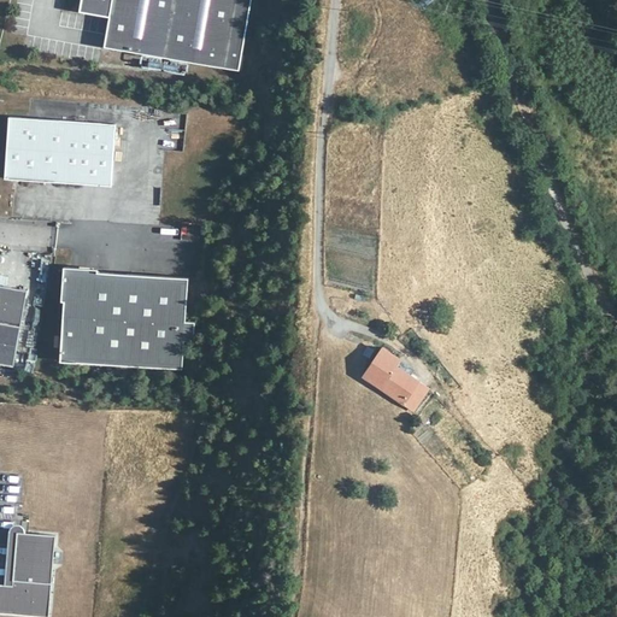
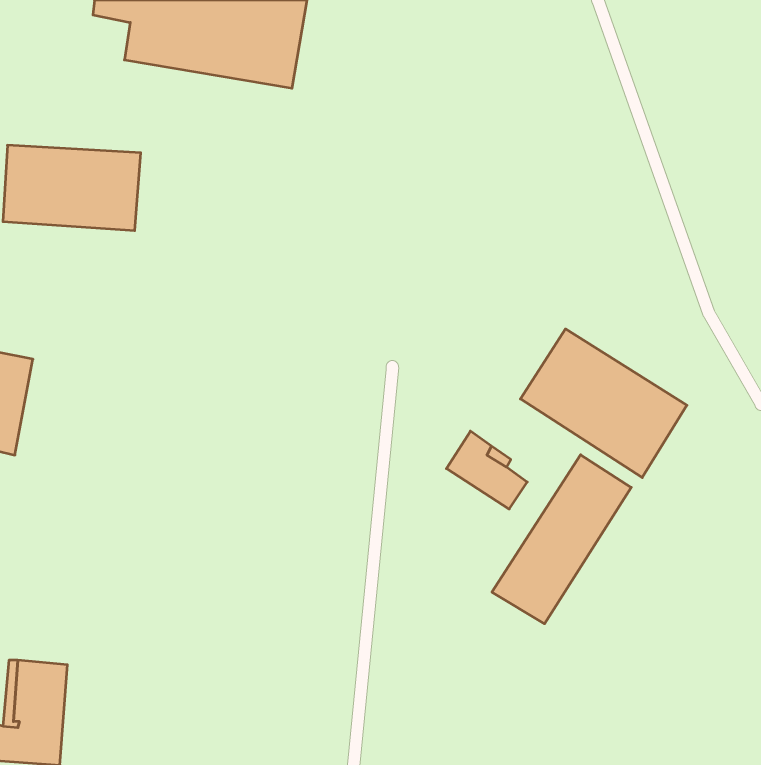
building: none -> [520,329,687,478]
building: [59,270,188,370] -> none
building: none -> [492,455,631,624]

